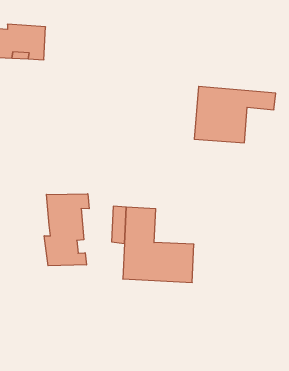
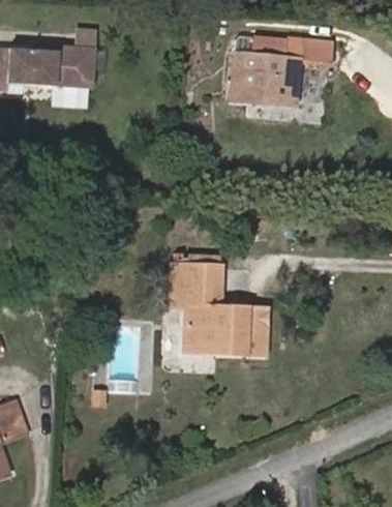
building: [194,86,276,143] -> [234,35,331,102]
building: [44,194,89,266] -> none

